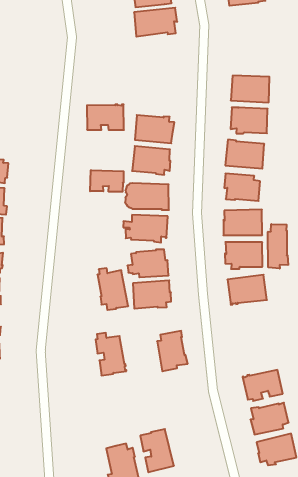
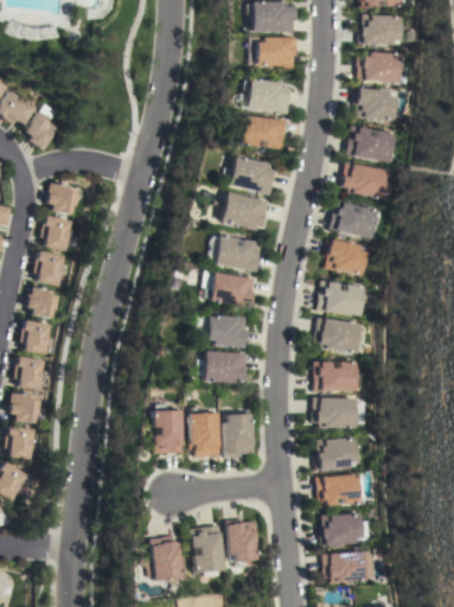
building: none -> [358,50,402,83]
building: none -> [354,88,397,121]
building: none -> [247,78,293,114]
building: [87,104,124,130] -> [242,115,288,149]
building: [90,170,124,192] -> none
building: [268,224,288,269] -> none
building: [97,268,128,310] -> [190,408,220,456]
building: none -> [313,397,357,428]
building: none -> [315,436,359,469]
building: none -> [225,519,258,567]

